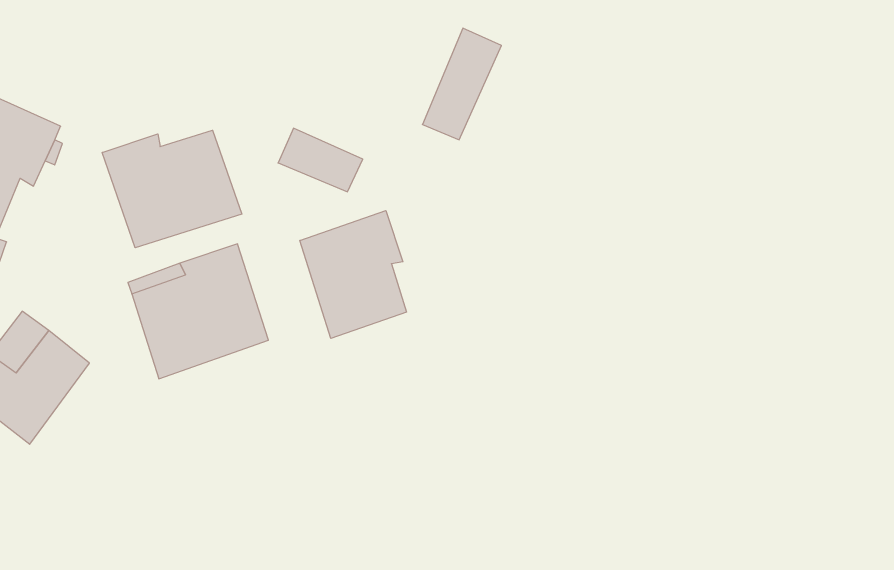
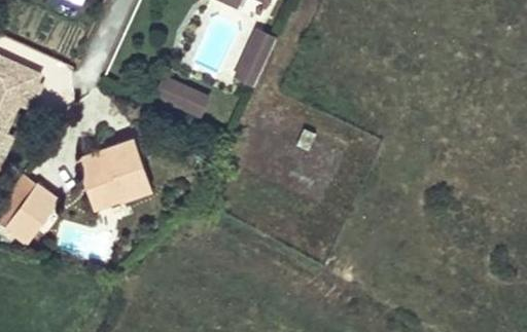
building: [102,130,242,248] -> none
building: [300,211,406,338] -> none

